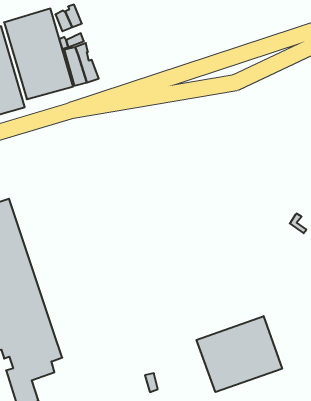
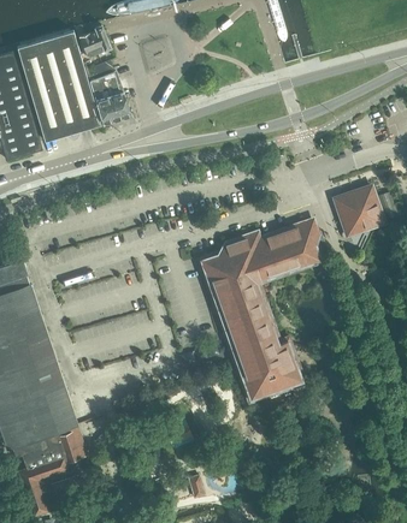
building: none -> [334,186,383,236]
building: none -> [201,224,326,398]
building: [196,316,282,392] -> none

